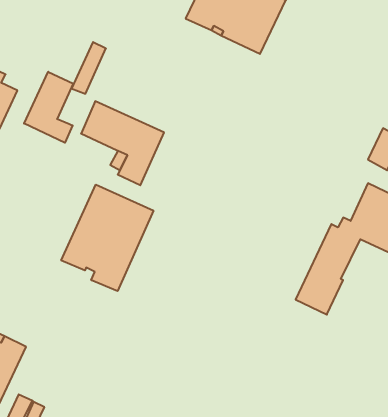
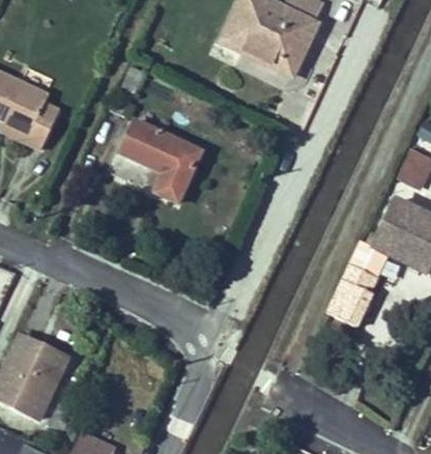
building: [24,72,73,143] -> none
building: [61,185,153,291] -> none

